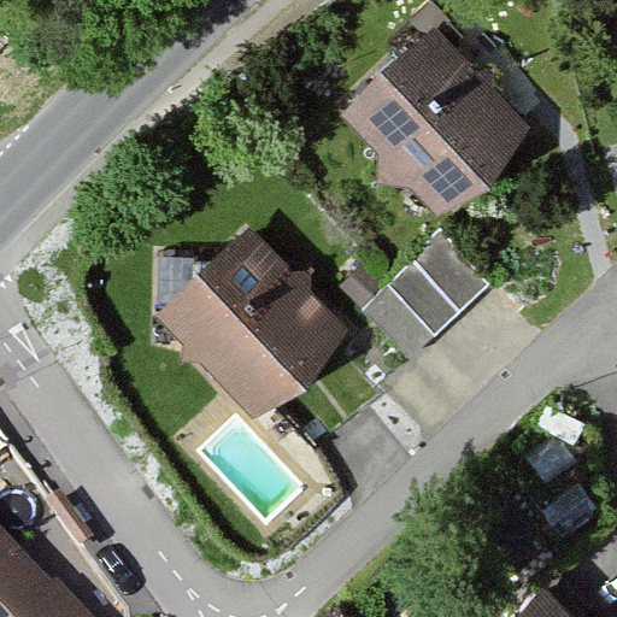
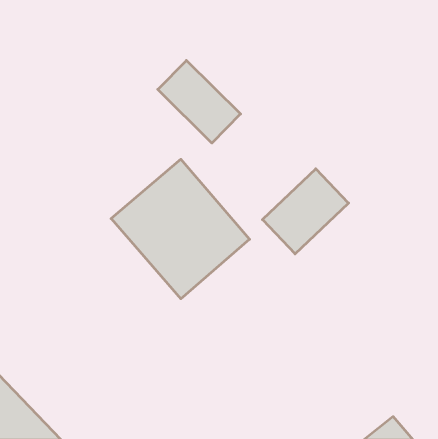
building: [341,20,534,212] -> none
building: none -> [158,60,241,143]

